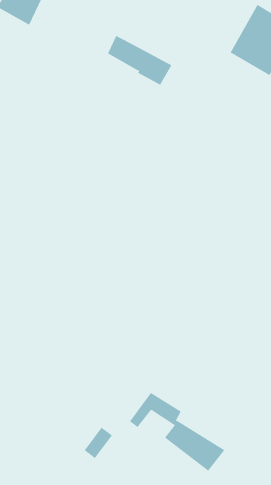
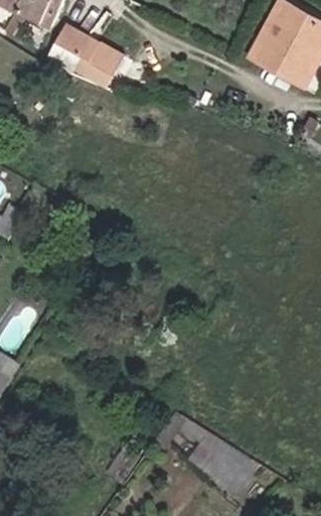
building: [107,35,172,86] -> [57,23,125,76]

